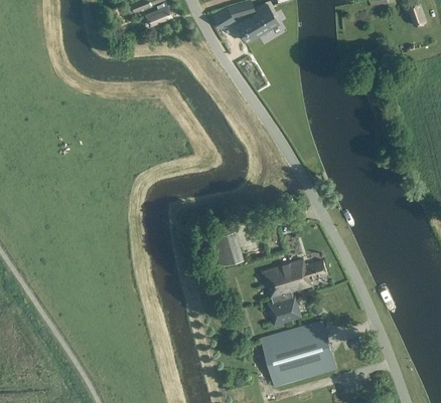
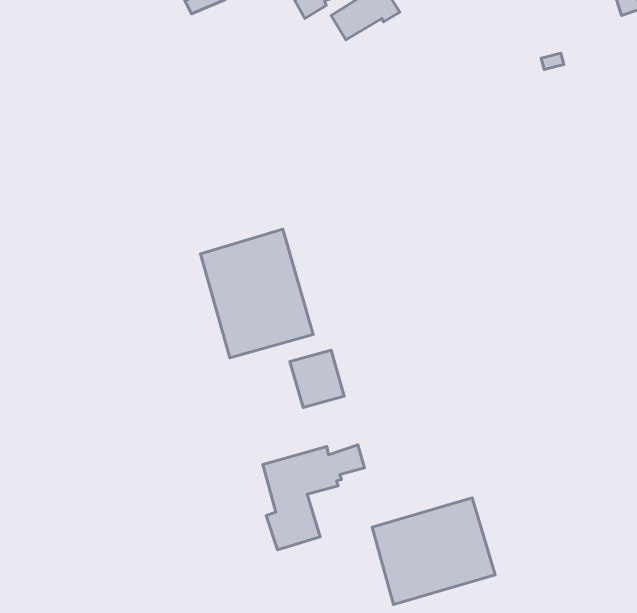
building: none -> [201,229,313,358]
building: [265,260,327,325] -> [263,445,364,550]

